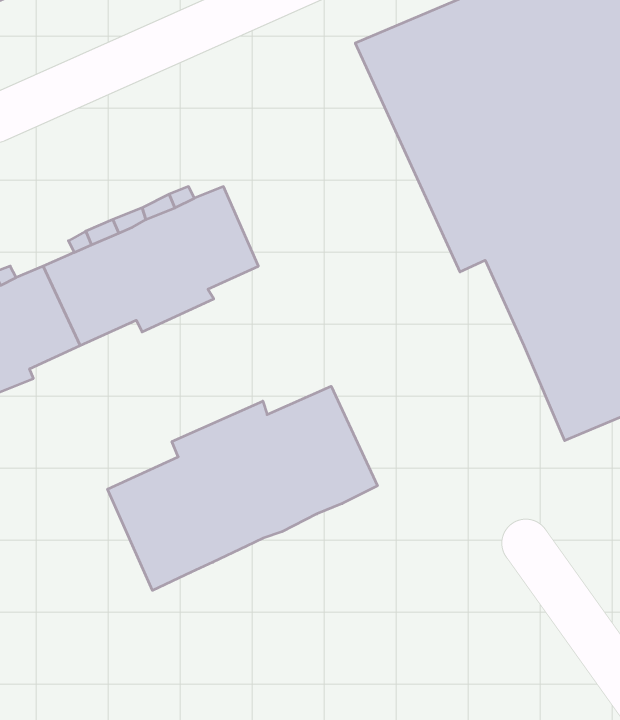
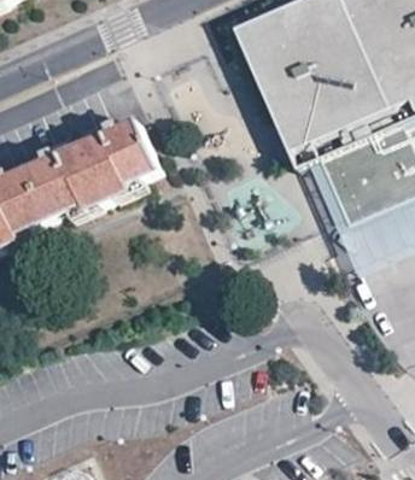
building: [108,386,377,590] -> none

